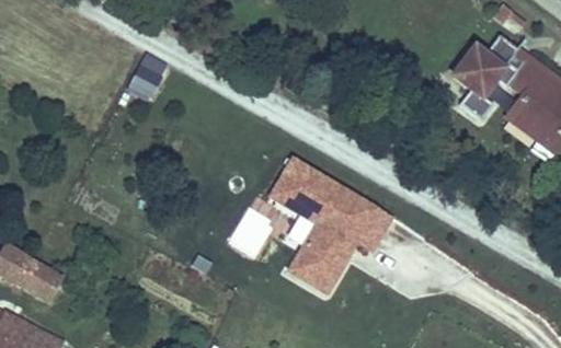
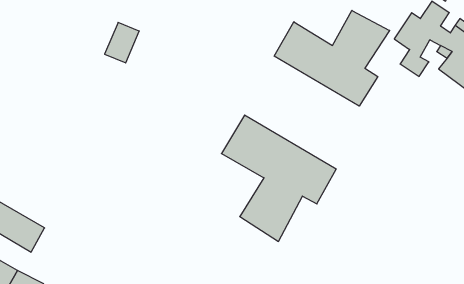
building: none -> [274,10,390,106]

